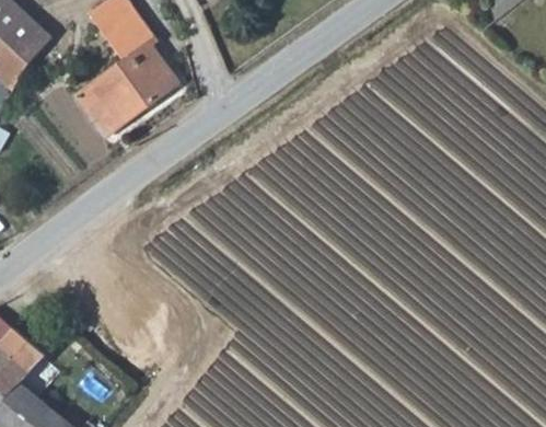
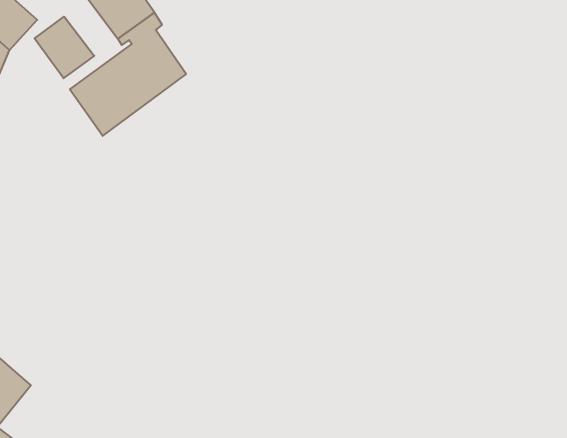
building: none -> [35,17,94,78]

